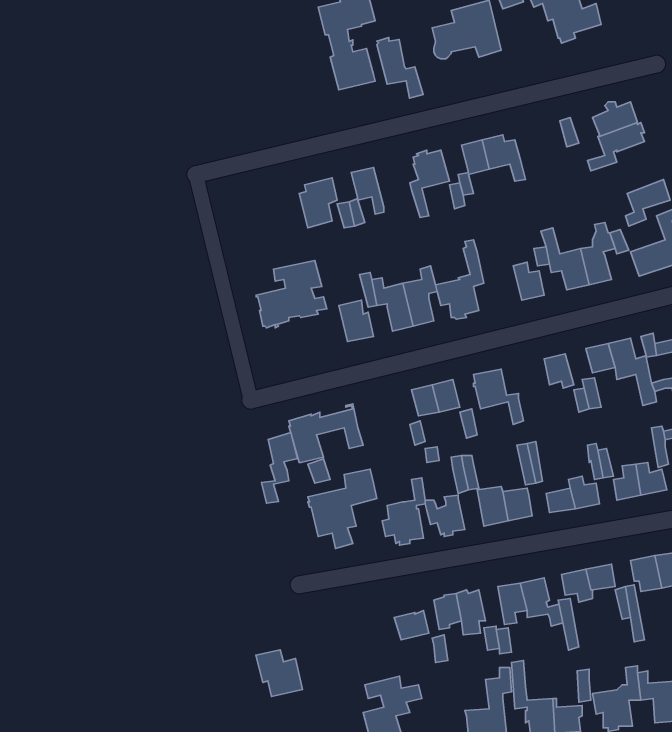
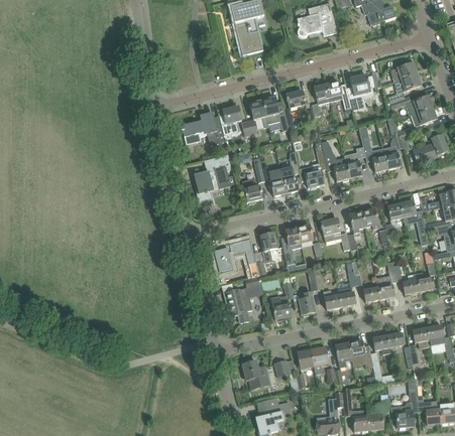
building: [377,38,423,98] -> [262,96,290,131]
building: none -> [348,72,374,110]
building: none -> [389,95,432,115]
building: none -> [182,112,219,145]
building: none -> [321,140,349,180]
building: none -> [347,211,365,251]
building: [261,433,298,503] -> [256,232,277,273]
building: [256,650,302,696] -> [242,360,269,388]

